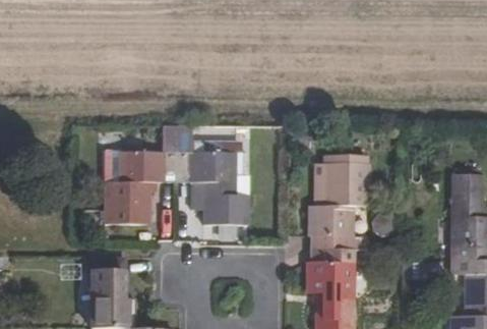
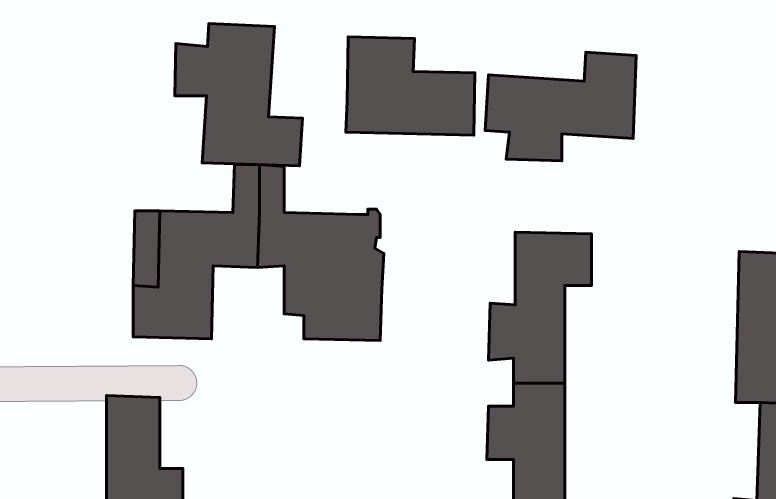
building: none -> [175,24,303,166]
building: none -> [346,37,475,135]
building: none -> [485,52,636,161]

